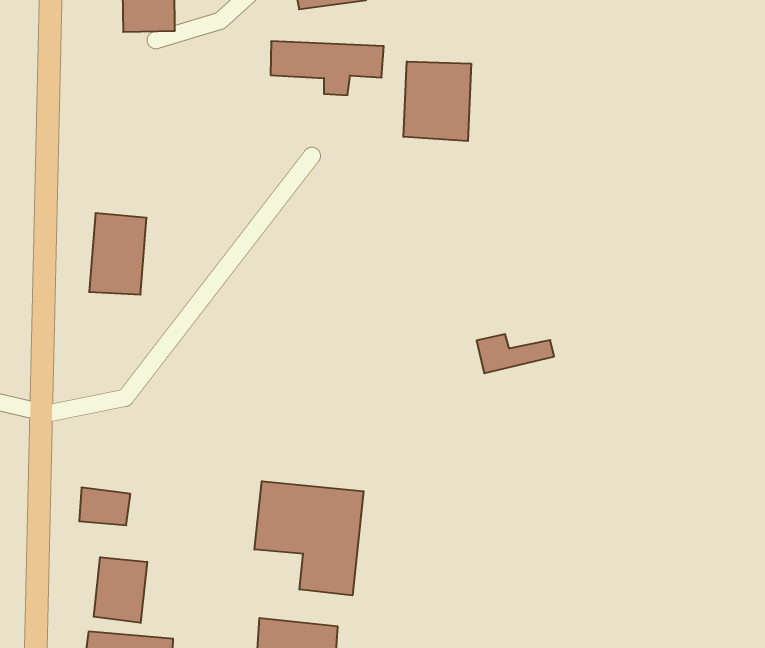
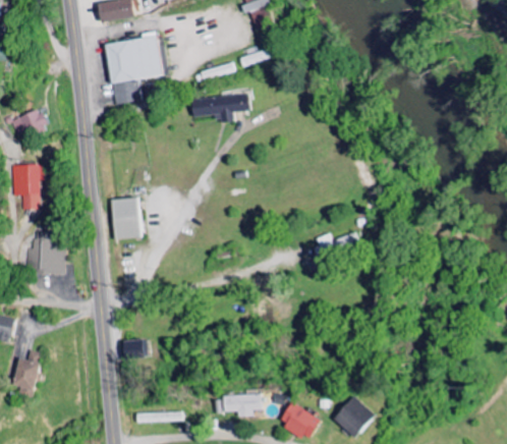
building: [404,61,471,141] -> none
building: [254,481,363,595] -> none
building: [94,557,147,623] -> none

